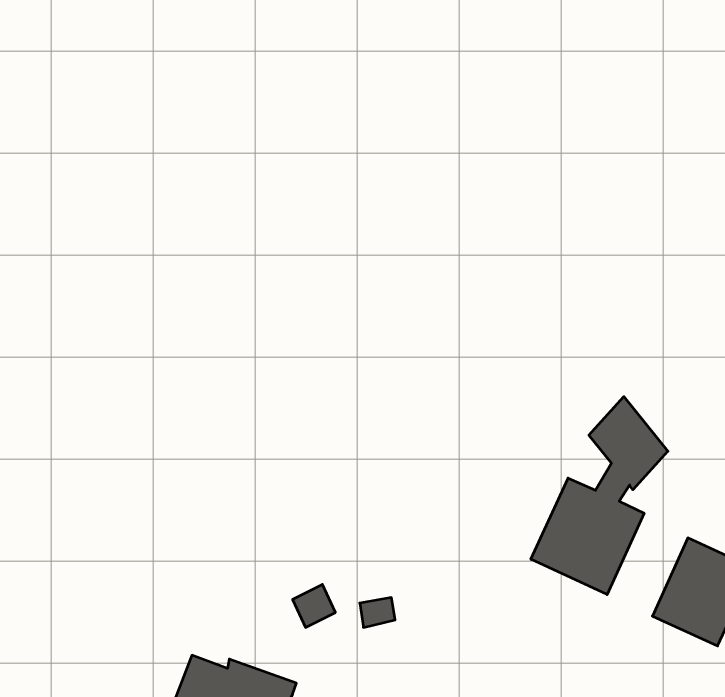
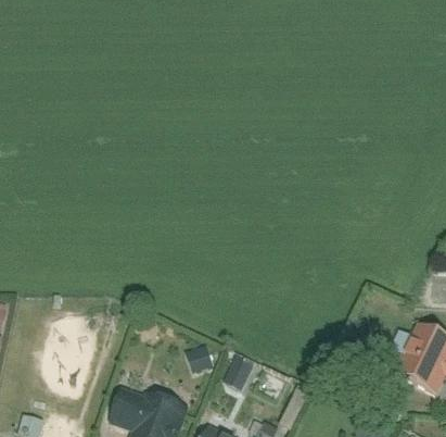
building: [531,397,668,595] -> none

